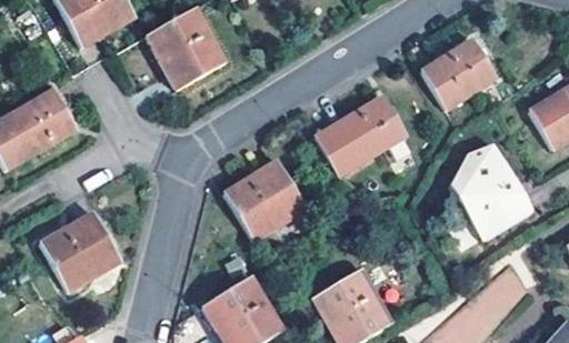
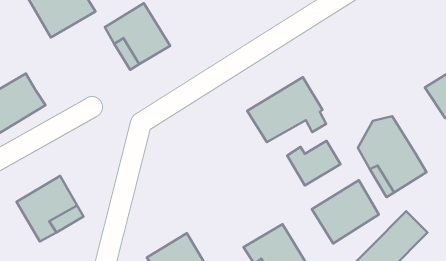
building: [425,38,498,107] -> none
building: [226,159,307,239] -> none
building: none -> [287,141,341,186]
building: none -> [312,180,379,243]

